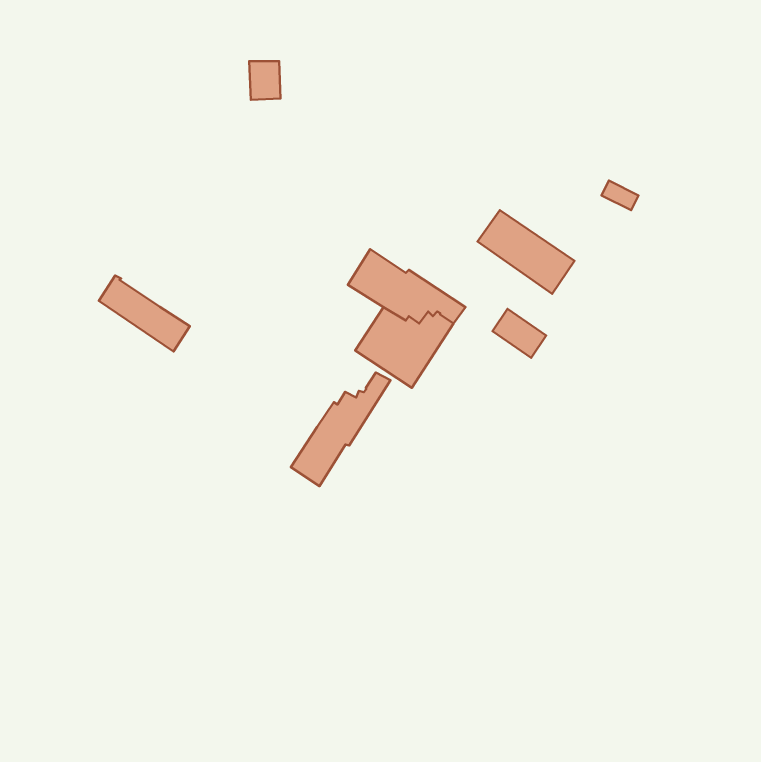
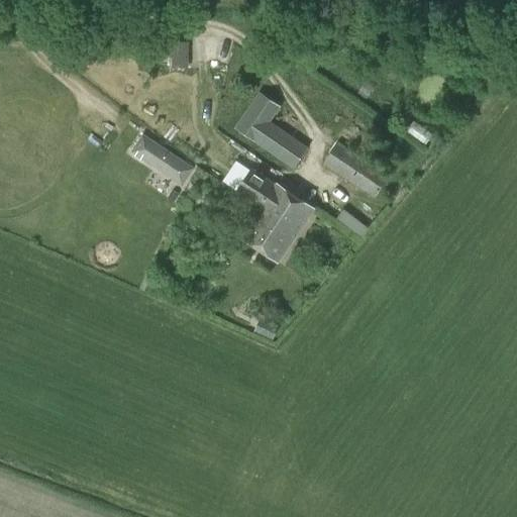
building: none -> [235,92,309,170]
building: [99,276,190,352] -> [132,135,194,187]
building: [291,372,390,486] -> none

